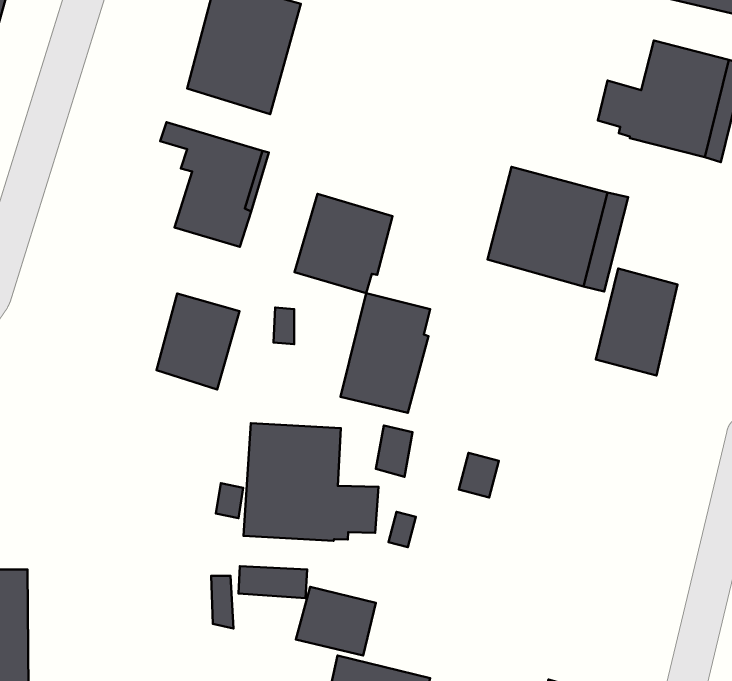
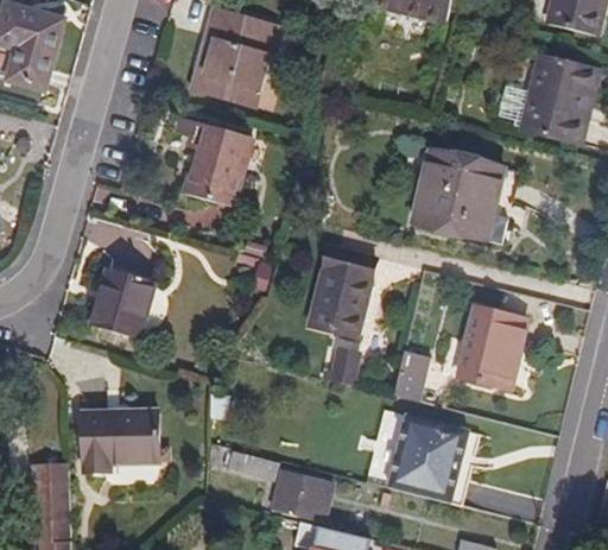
building: [295,194,392,293] -> none
building: [596,269,677,376] -> [463,305,524,385]
building: [156,294,240,389] -> [88,270,150,341]
building: [243,423,379,541] -> none
building: none -> [86,403,164,464]
building: none -> [381,410,457,495]

